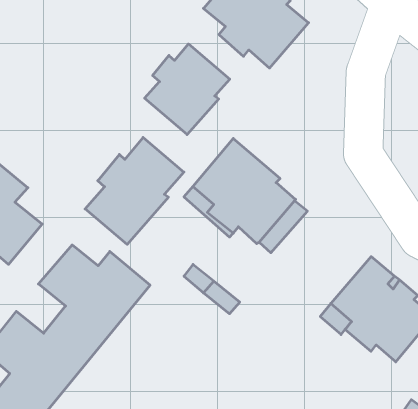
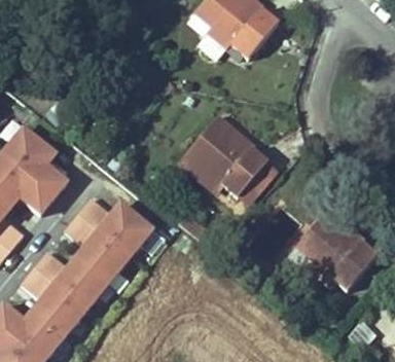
building: [145,44,230,135] -> none
building: [85,137,184,244] -> none

